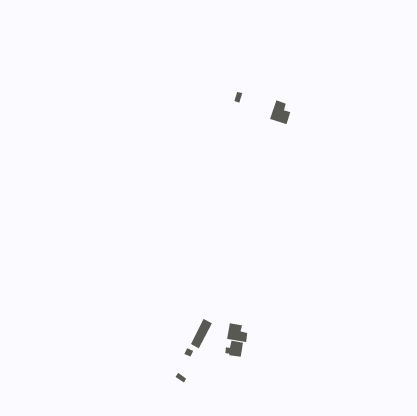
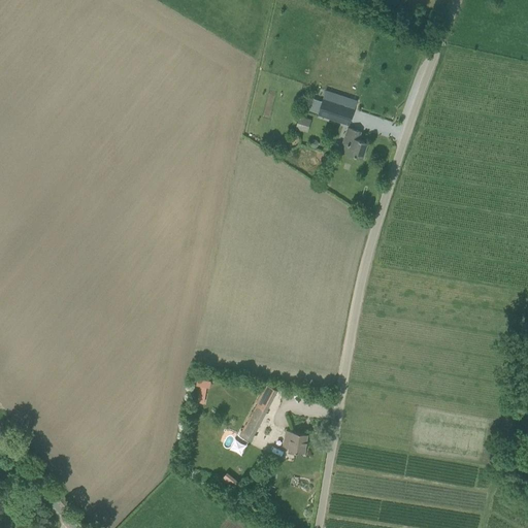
building: none -> [318,98,355,125]
building: [227,322,248,343] -> none

